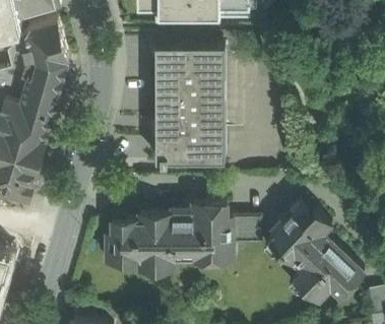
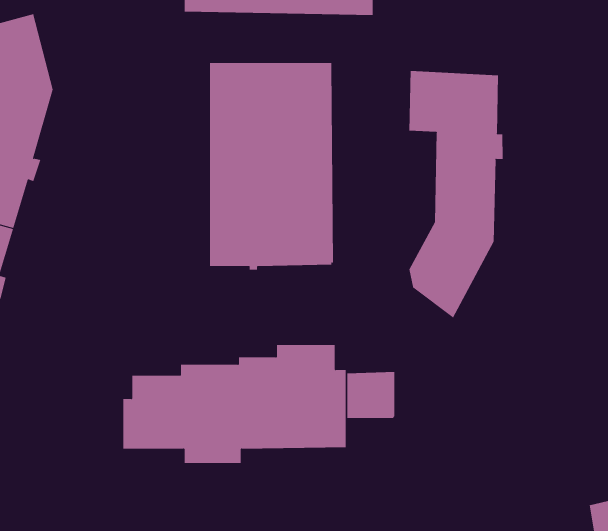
building: none -> [409,70,503,319]
building: [270,205,365,305] -> none

